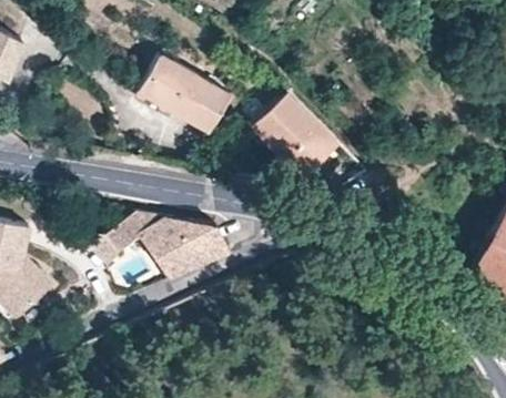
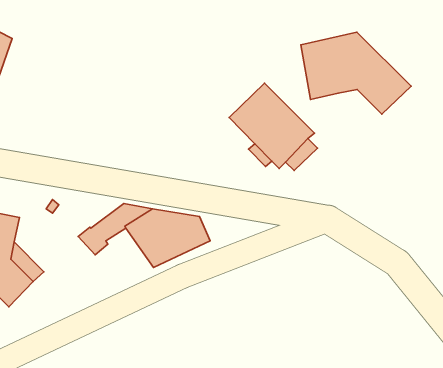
building: none -> [301,32,411,114]
building: [138,53,229,131] -> none

